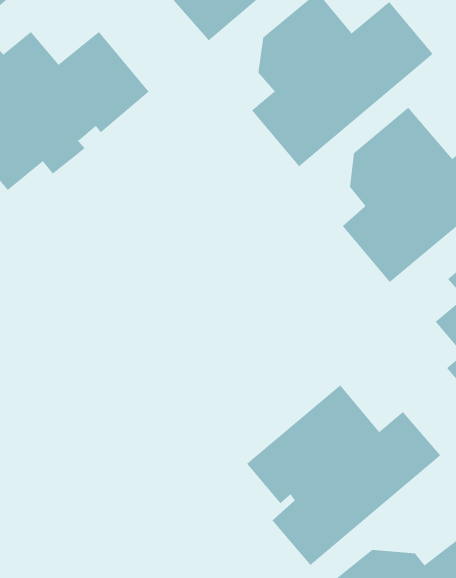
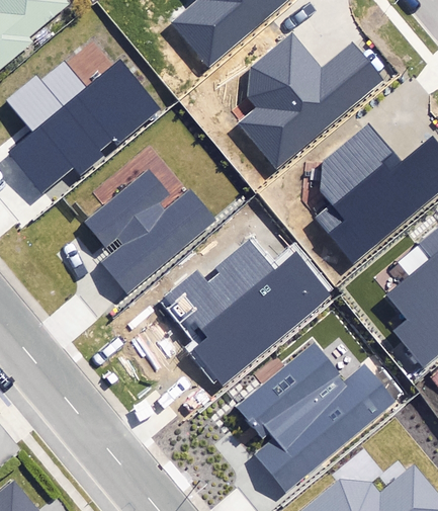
building: none -> [81,168,210,289]
building: none -> [164,234,334,386]

